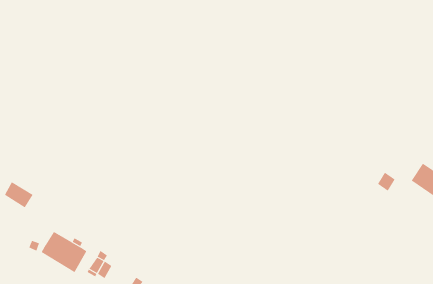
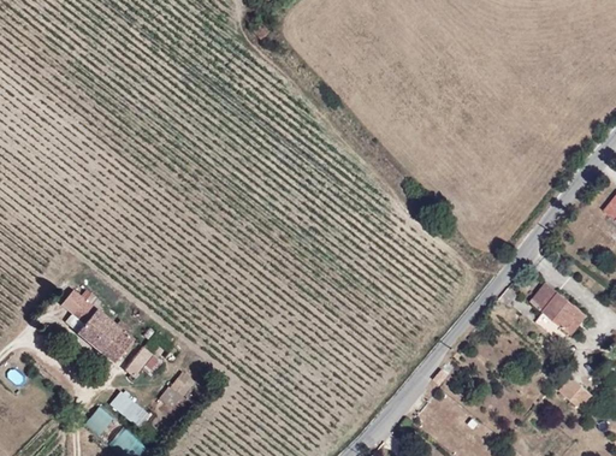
building: [4,182,33,208] -> [63,290,97,324]

